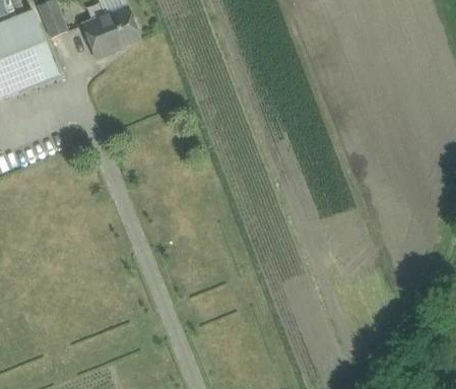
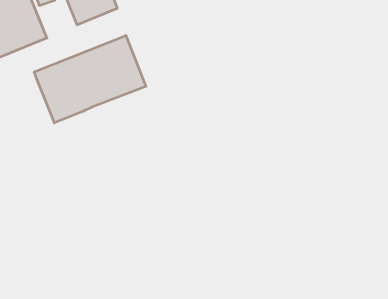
building: none -> [34,35,146,123]

